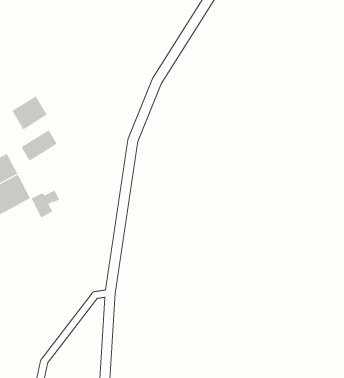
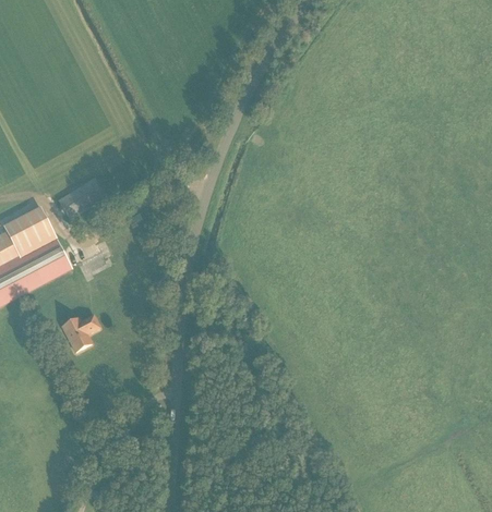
building: [12,95,48,131] -> none
building: [31,190,60,218] -> [61,314,99,351]

